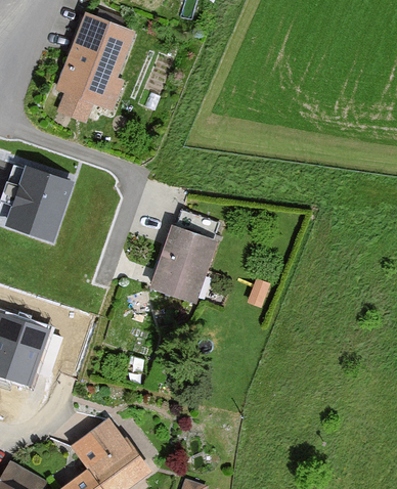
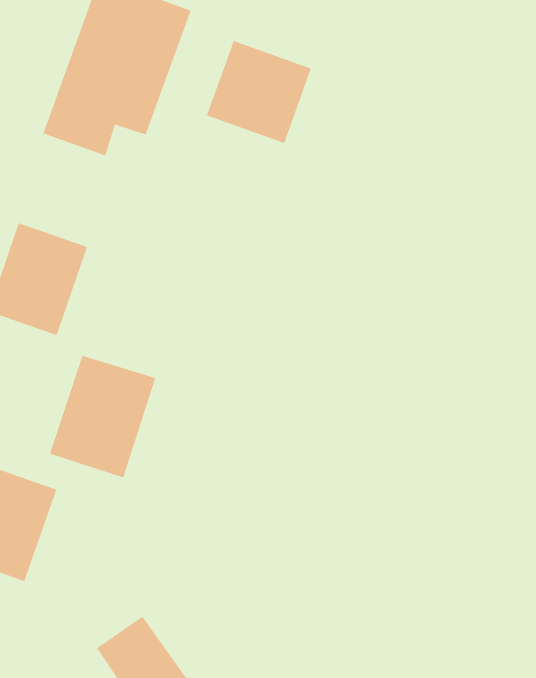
building: none -> [206,40,312,144]
building: [147,224,215,302] -> [49,355,156,478]

